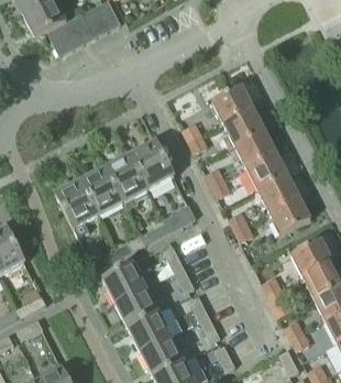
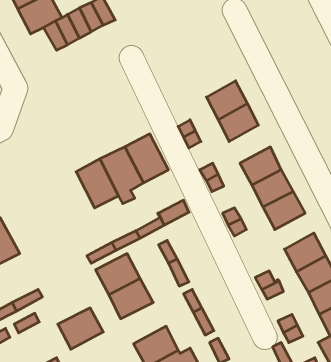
building: [235,130,277,168] -> none
building: [54,177,99,238] -> none
building: [125,309,172,351] -> [58,308,103,349]

